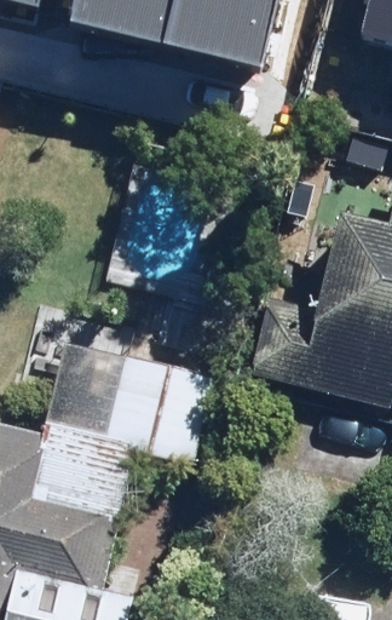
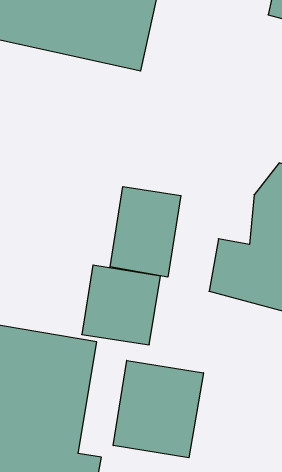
building: none -> [110,187,181,277]
building: none -> [113,360,203,458]

